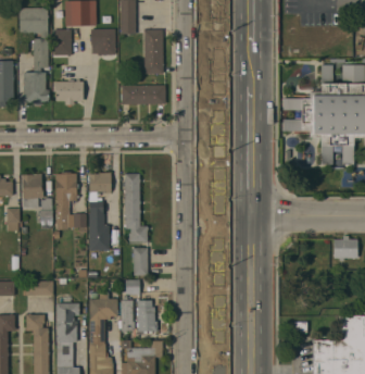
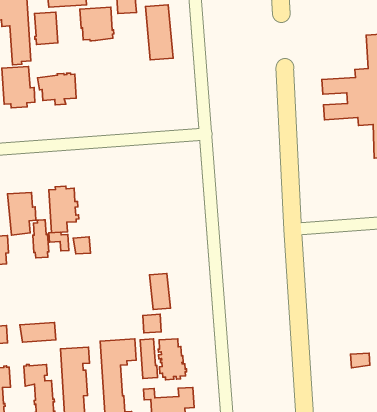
building: [122,86,165,104] -> none
building: [88,173,111,251] -> none
building: [124,174,148,242] -> none

